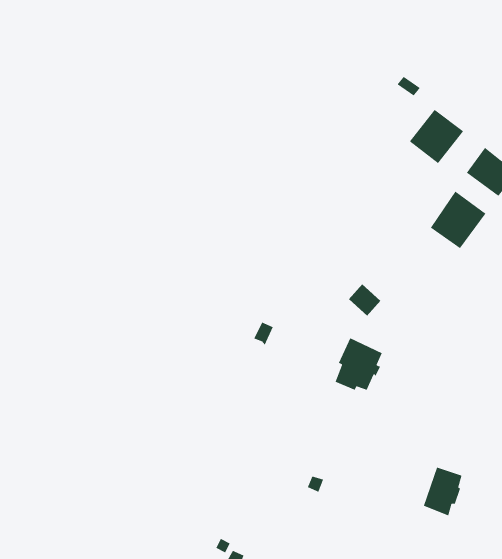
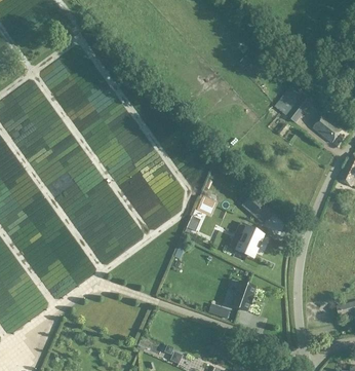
building: [430,191,486,249] -> none
building: [423,466,463,517] -> [230,281,253,310]

